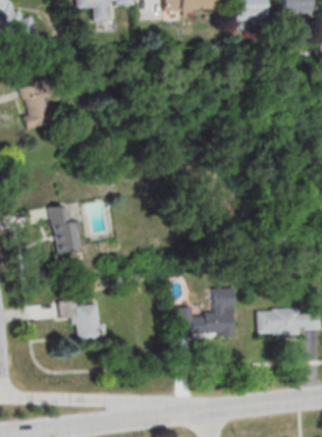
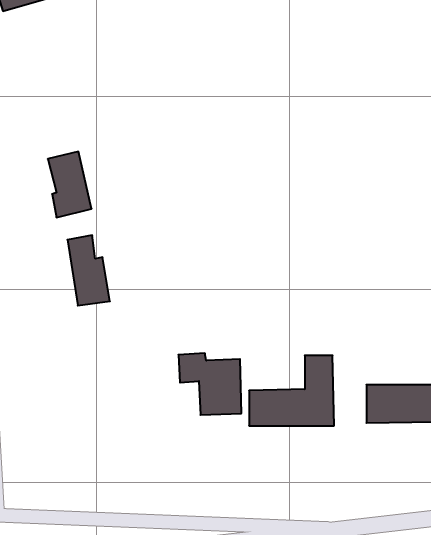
building: [20,84,51,129] -> [48,152,92,217]
building: [60,299,104,342] -> [178,353,241,415]

